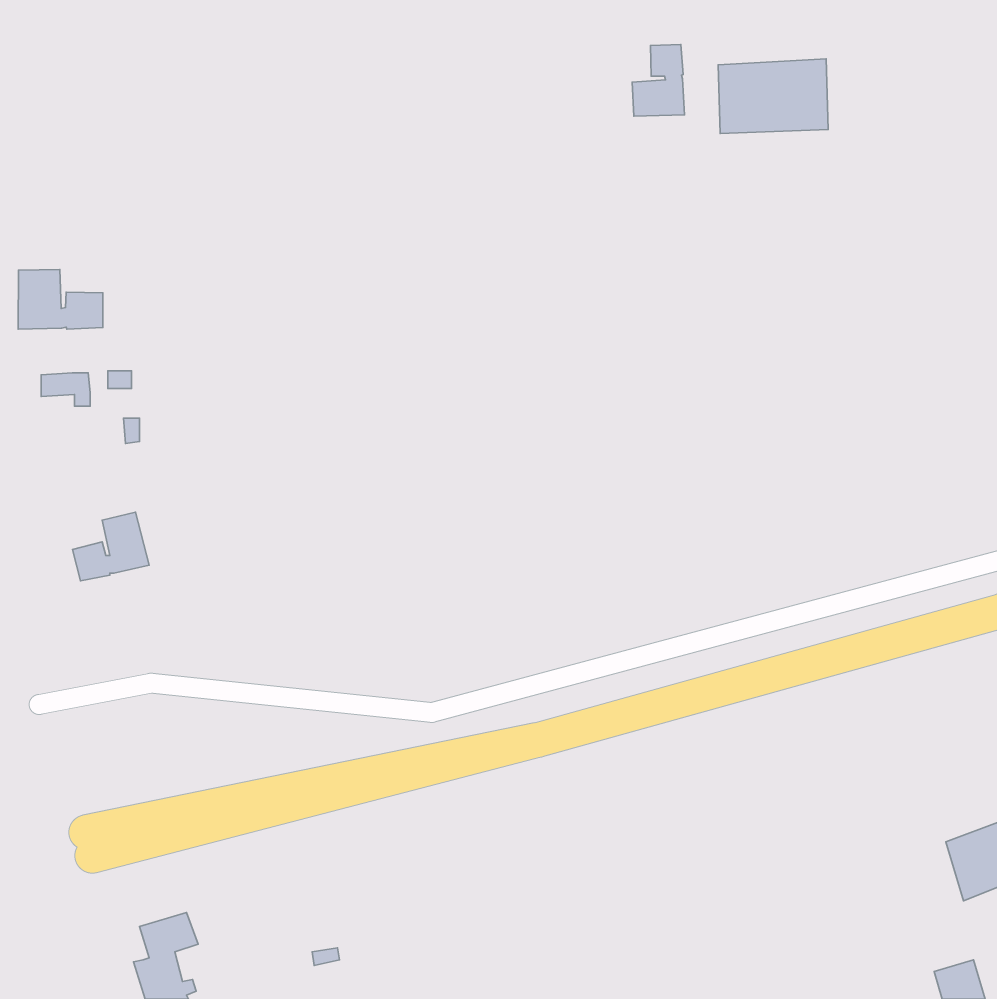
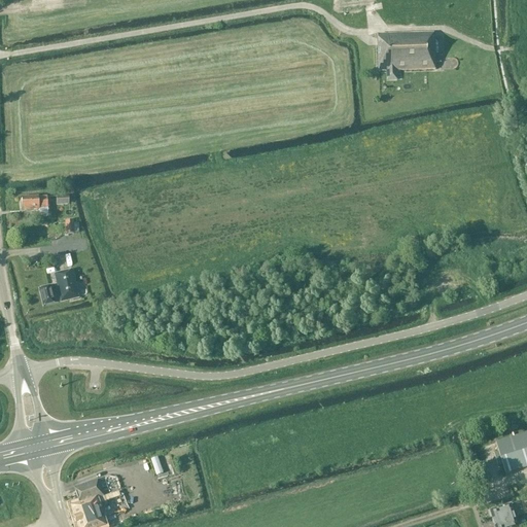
building: [632,45,685,116] -> none
building: [18,270,103,329] -> none

